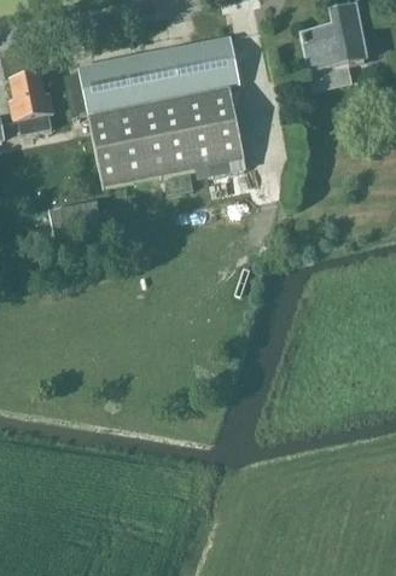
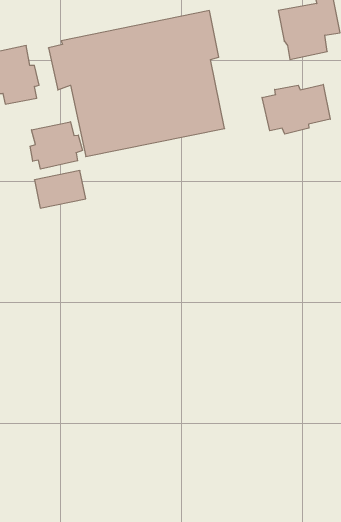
building: none -> [262,84,330,134]
building: none -> [30,122,83,169]

